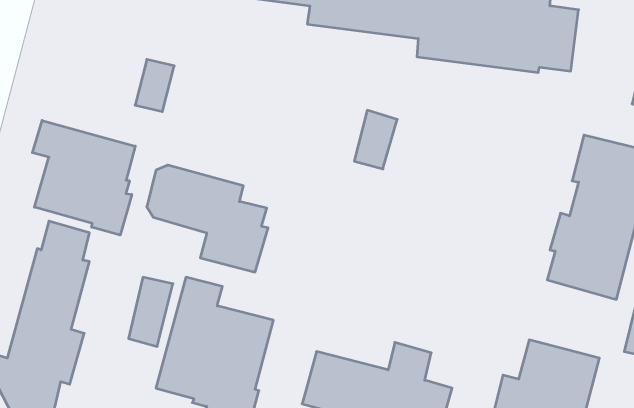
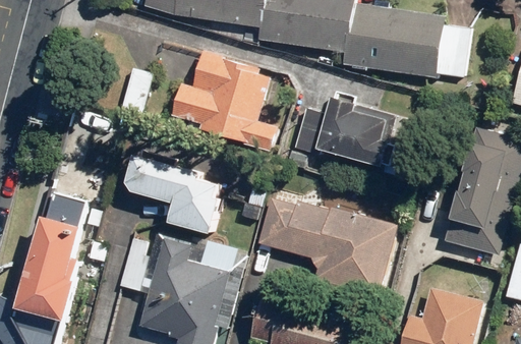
building: none -> [171,51,279,149]
building: none -> [320,95,392,167]
building: [32,120,135,235] -> none
building: none -> [255,196,396,295]

